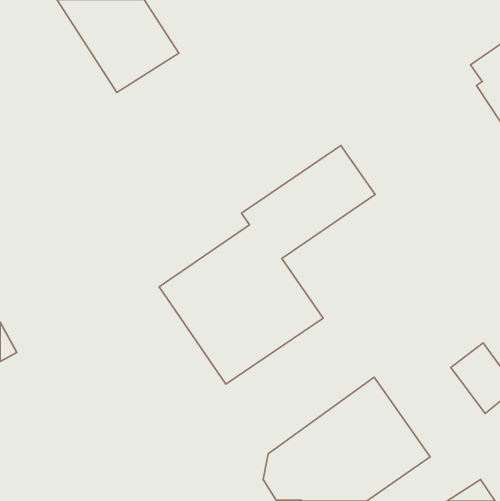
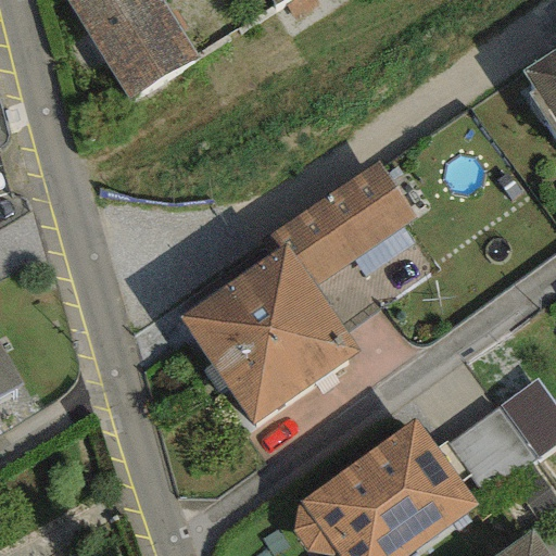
building: none -> [450,409,533,493]

